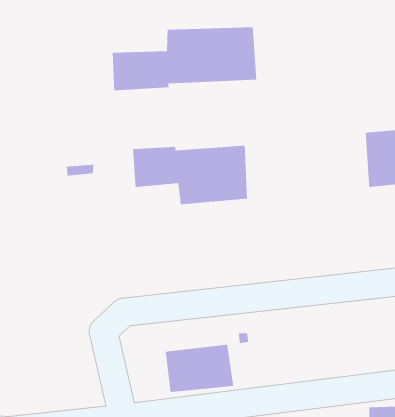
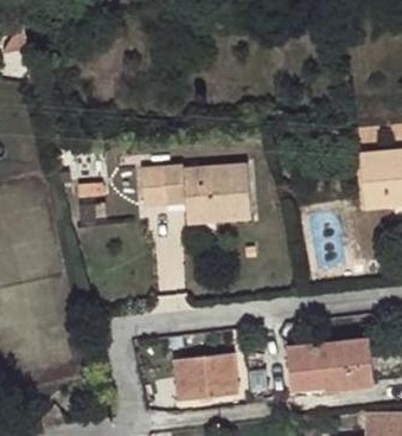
building: [112,26,257,91] -> none
building: none -> [289,341,372,392]

